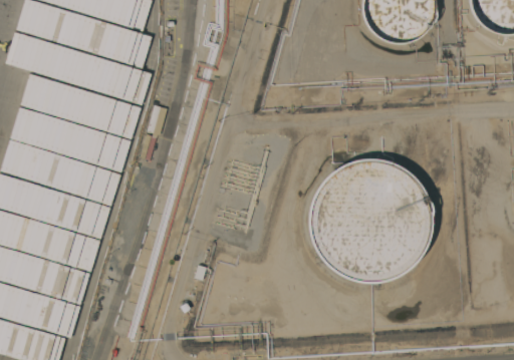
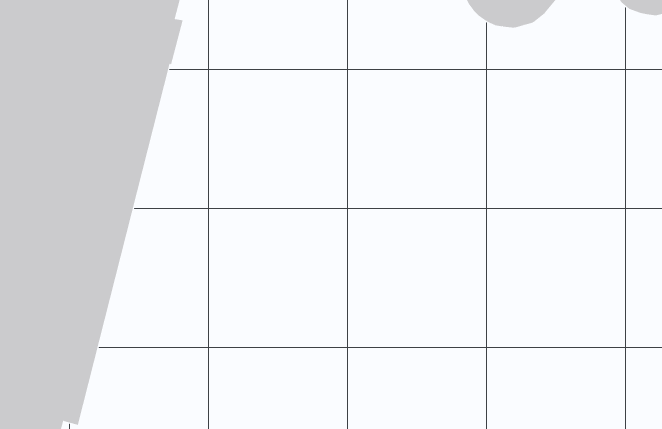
building: [308,155,434,281] -> none

